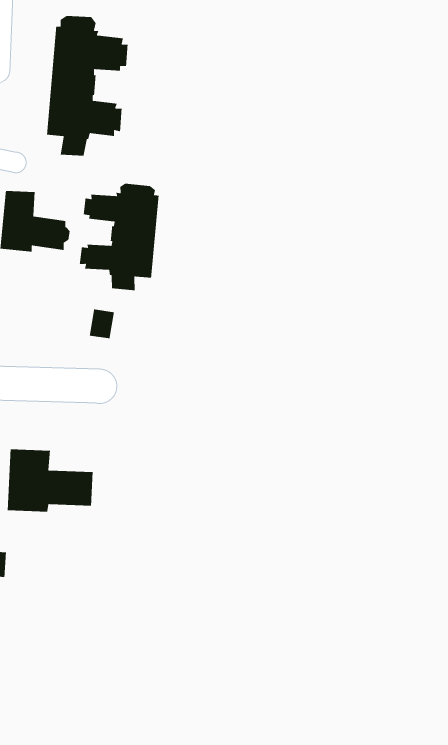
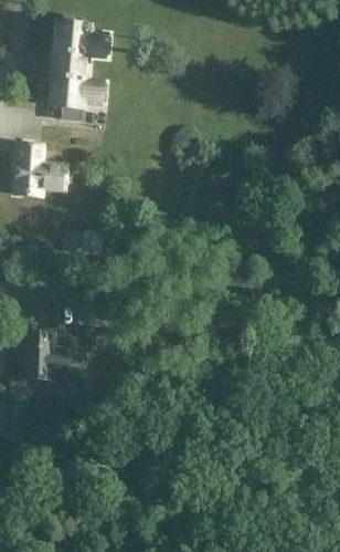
building: [79,183,159,291] -> none

